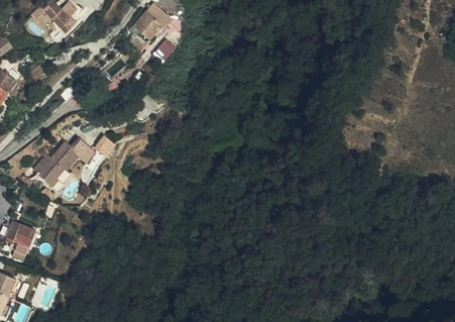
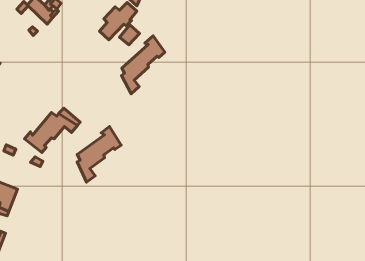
building: none -> [122,36,165,94]
building: none -> [77,127,121,182]

